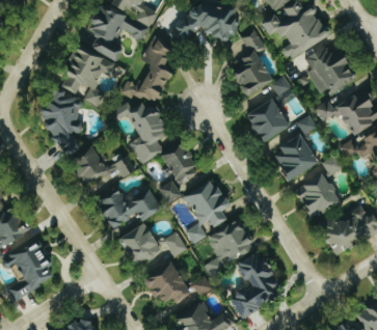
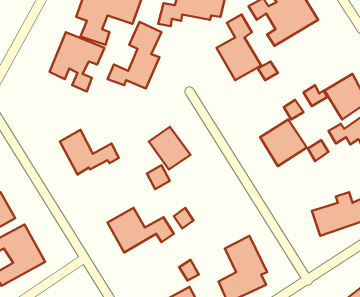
building: [304,47,355,95] -> none
building: [41,89,83,154] -> none
building: [245,99,289,142] -> none
building: [112,103,163,164] -> none
building: [293,173,340,219] -> none
building: [184,178,228,227] -> none
building: [99,188,161,228] -> none
building: [200,219,254,276] -> none
building: [143,262,190,305] -> none

